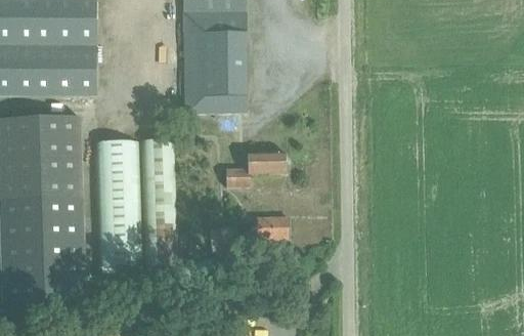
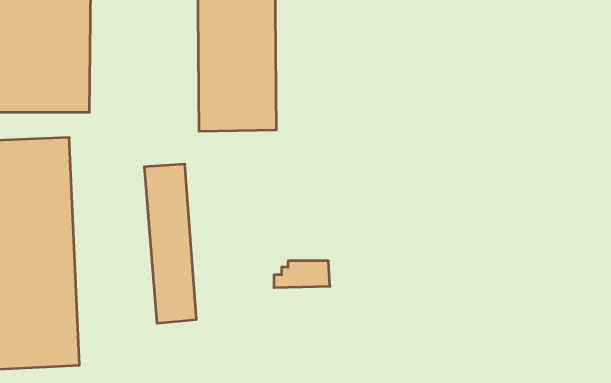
building: [93,140,147,268] -> none
building: [225,151,286,185] -> none

